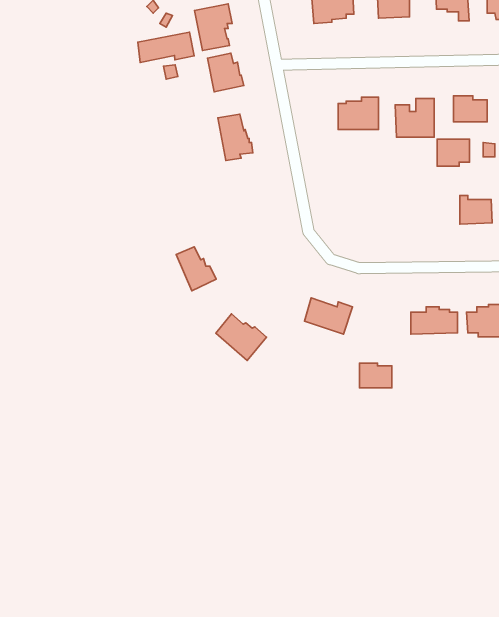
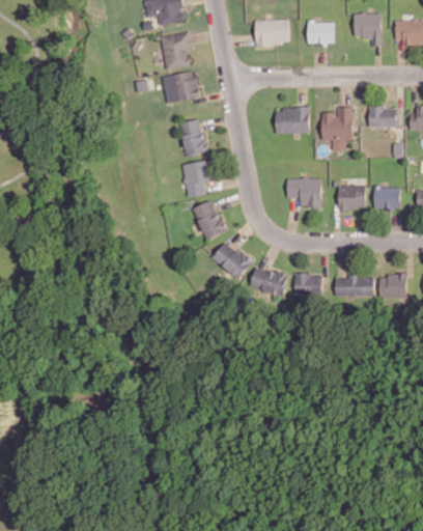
building: [138,32,194,62] -> none
building: [437,139,469,166] -> [338,188,364,209]
building: none -> [182,161,212,197]
building: none -> [286,177,320,207]
building: [176,247,216,291] -> [194,203,226,239]
building: [216,314,266,360] -> [210,244,251,281]
building: [360,363,392,388] -> [294,275,320,295]

